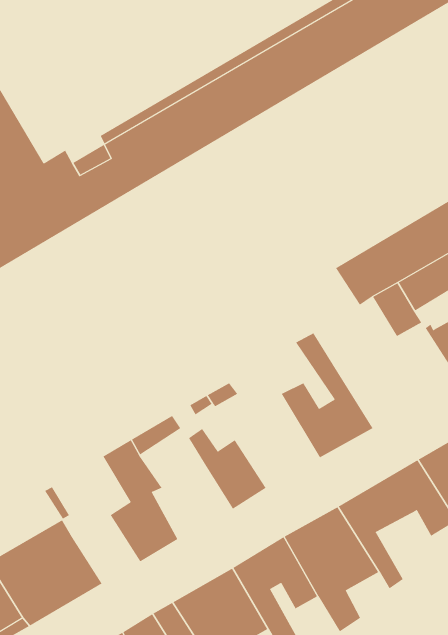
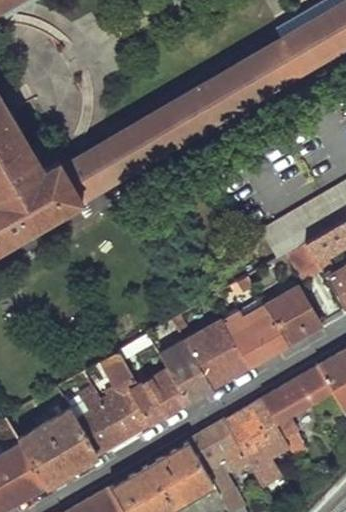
building: none -> [263,289,321,347]
building: none -> [180,323,249,389]
building: none -> [132,372,188,425]
building: none -> [76,389,123,456]

